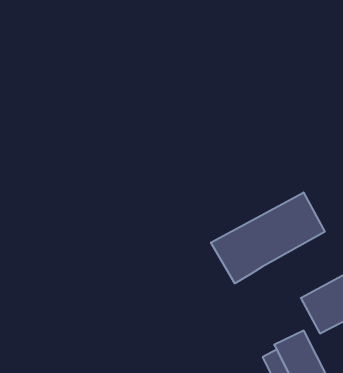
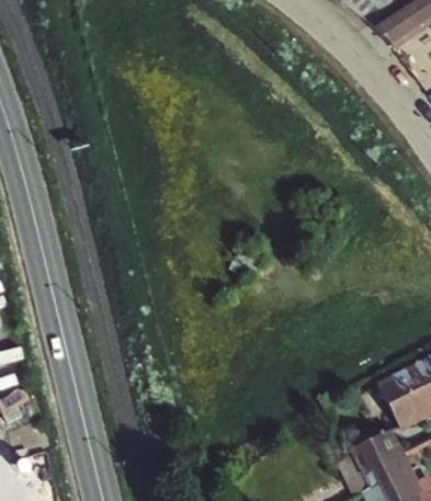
building: [211,192,325,283] -> none

